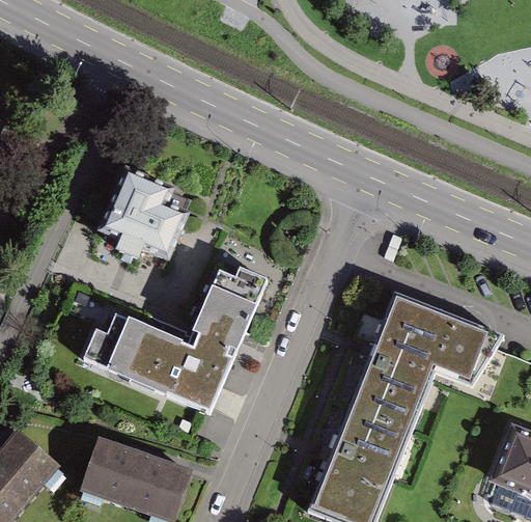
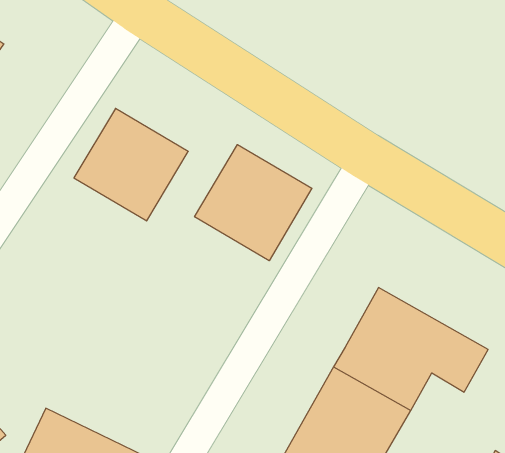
building: none -> [195,145,312,261]
building: [82,272,267,414] -> none

